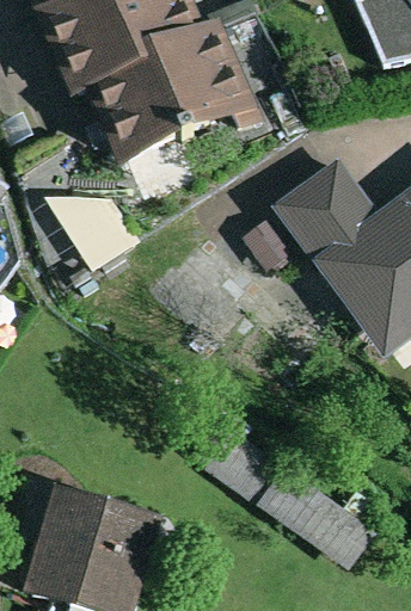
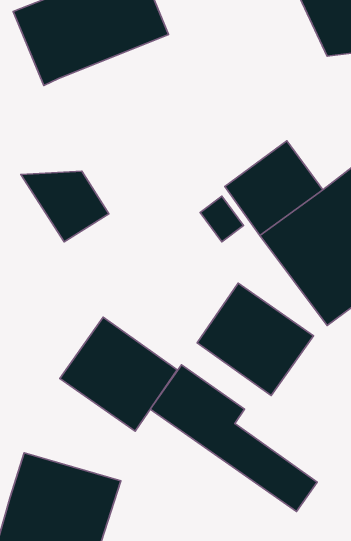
building: [87,30,260,166] -> none
building: none -> [197,283,313,396]
building: none -> [60,317,177,431]

